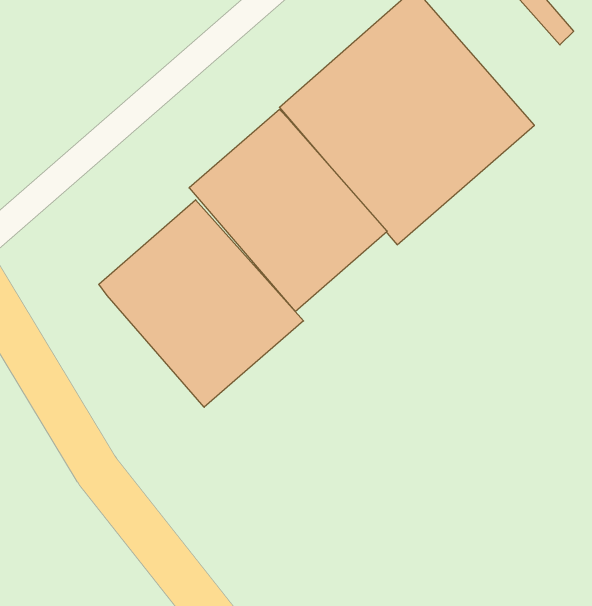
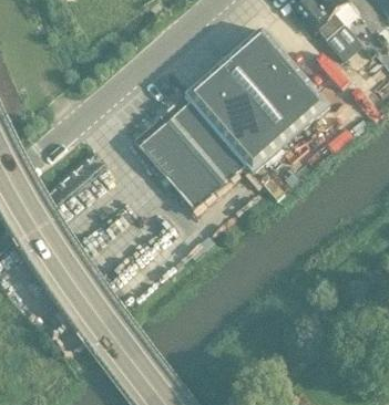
building: [99,200,304,407] -> none

